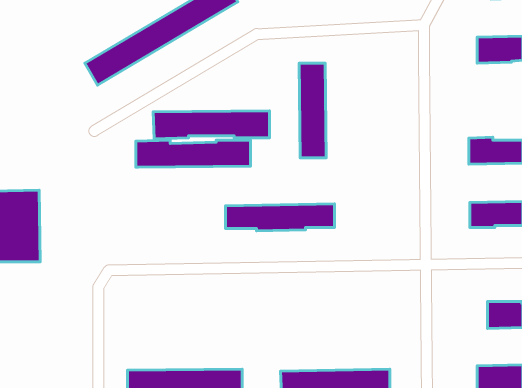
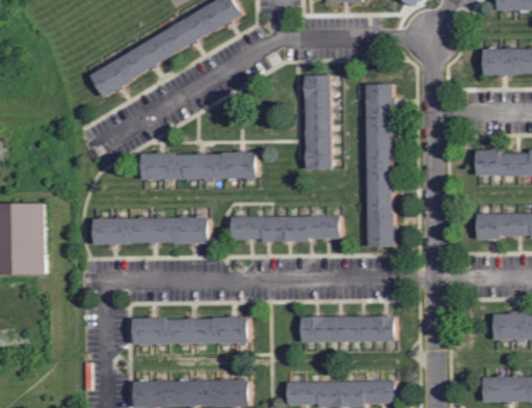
building: none -> [365,83,393,247]
building: [153,111,270,139] -> [92,217,209,245]
building: none -> [300,316,395,342]
building: none -> [132,317,247,344]

